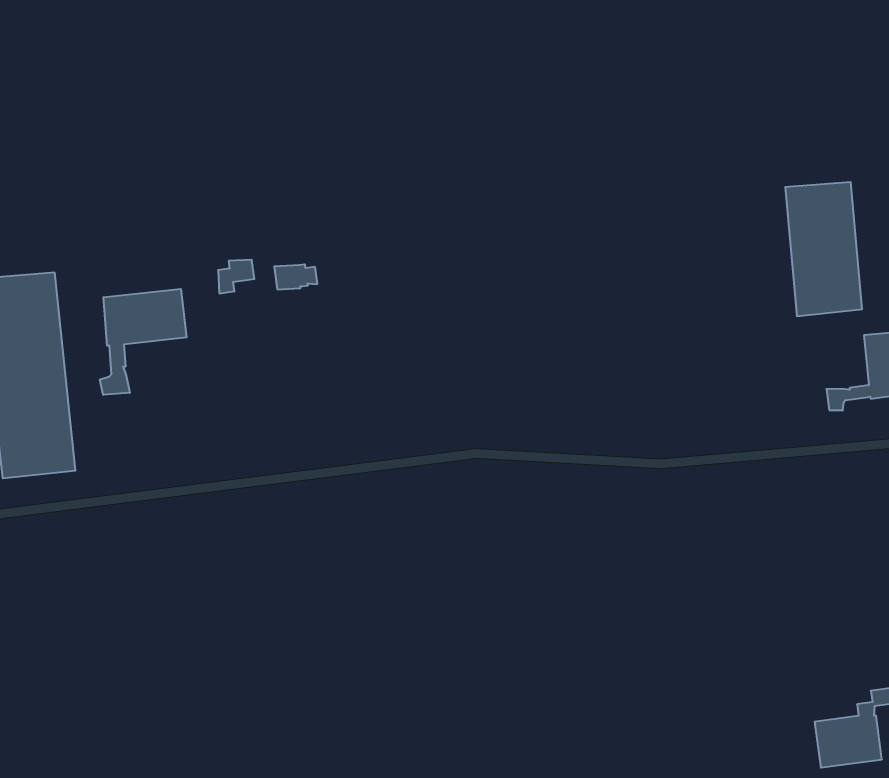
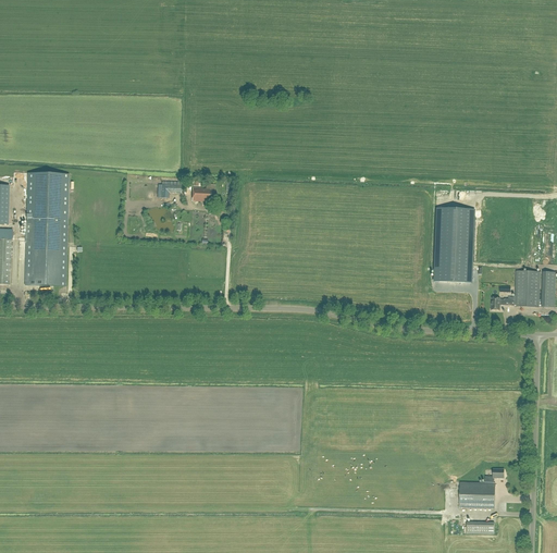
building: [785,182,862,316] -> [433,207,473,281]
building: [100,289,187,395] -> none

